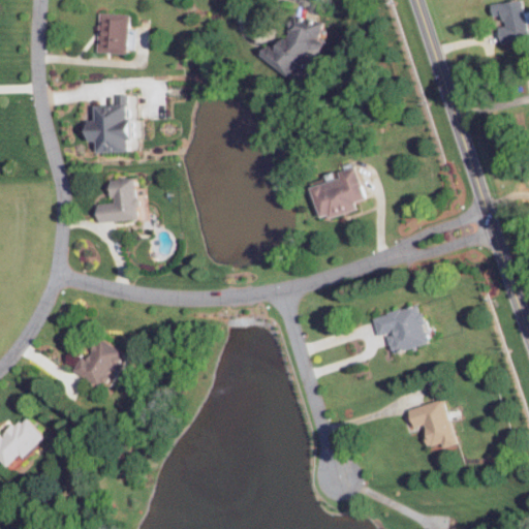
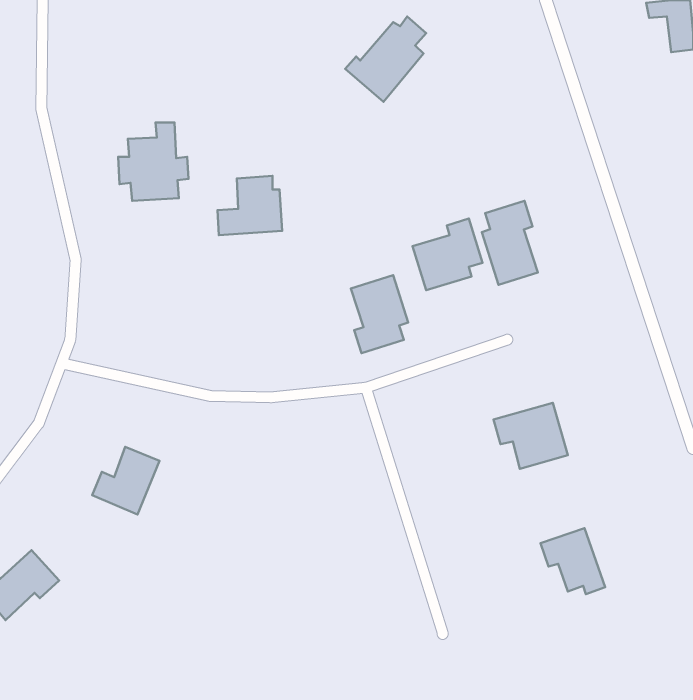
building: [94,13,127,54] -> none
building: none -> [482,201,538,285]
building: [95,178,144,222] -> [218,176,282,235]
building: none -> [351,275,408,353]

